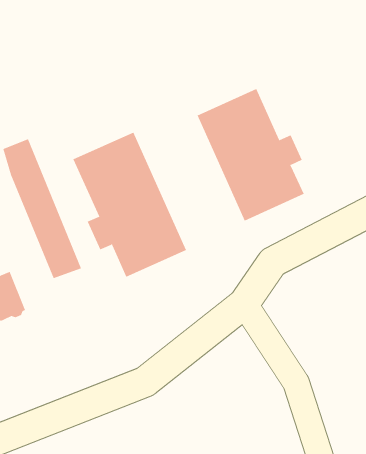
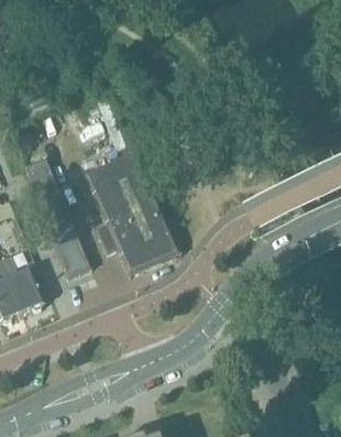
building: [197,88,304,221] -> none

